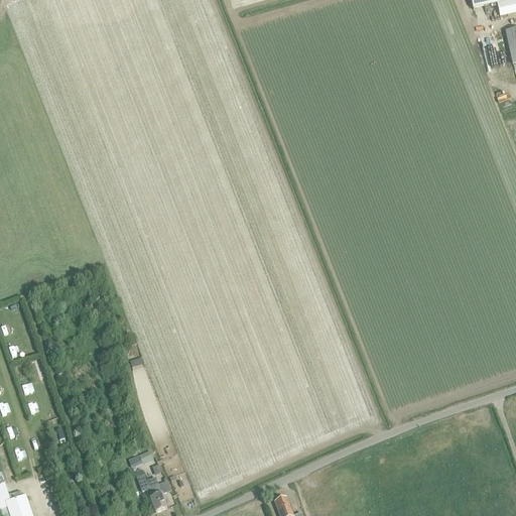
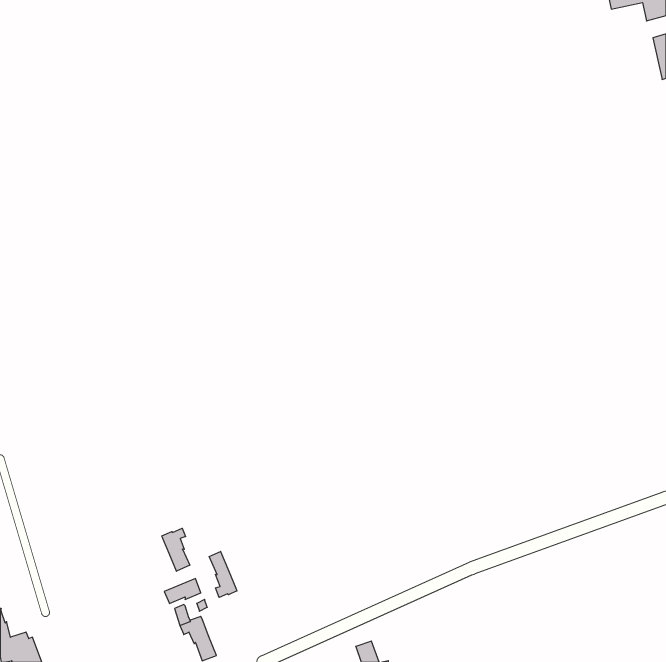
building: none -> [162,528,190,571]
building: none -> [209,551,237,597]

